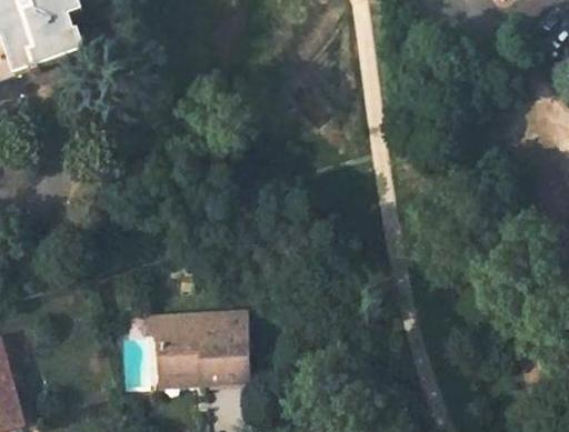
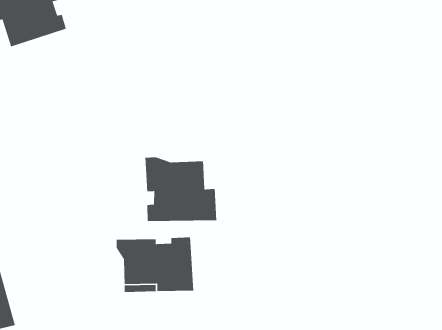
building: none -> [145,157,217,222]

